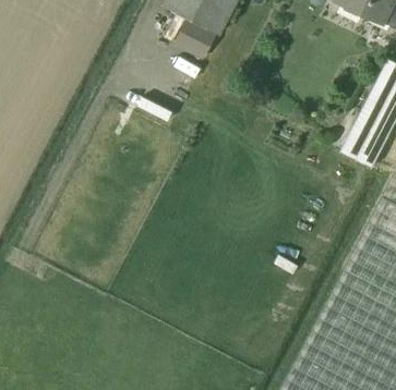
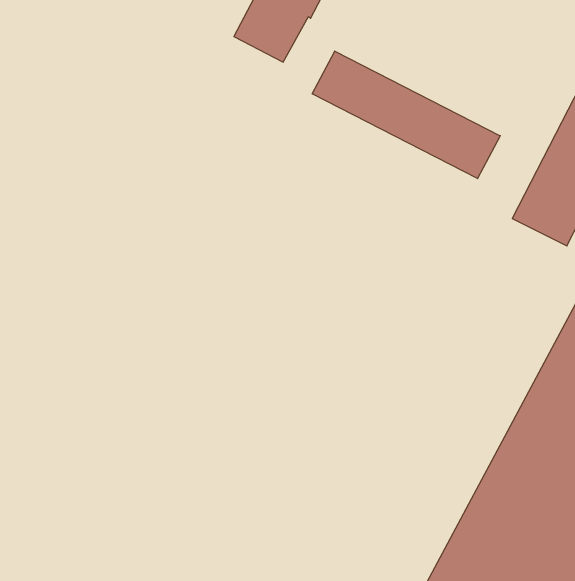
building: none -> [312,51,500,179]

